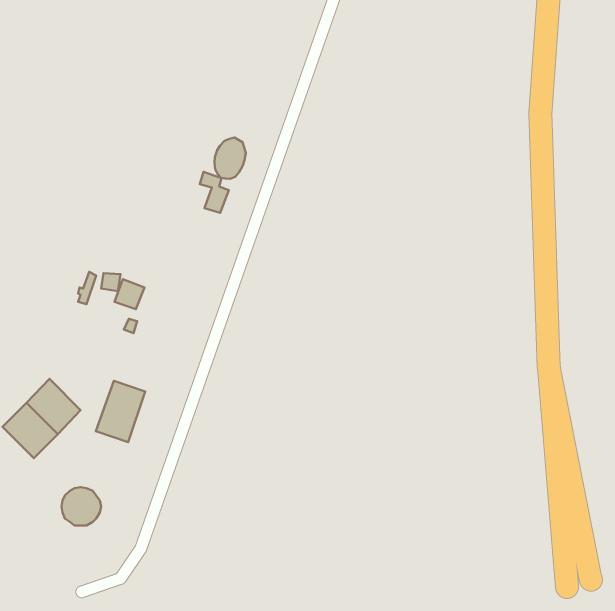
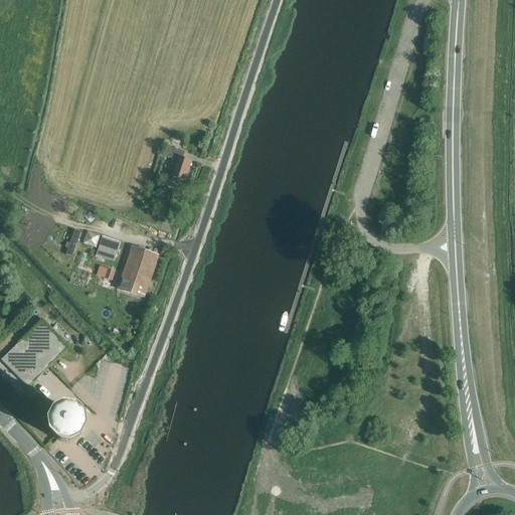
building: [214,137,246,179] -> none
building: [96,381,145,442] -> [117,244,158,296]

